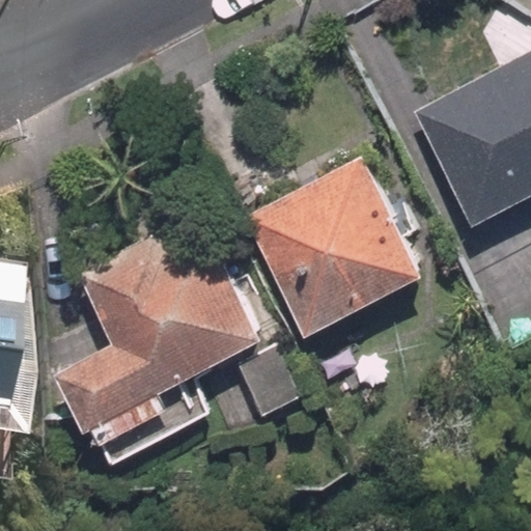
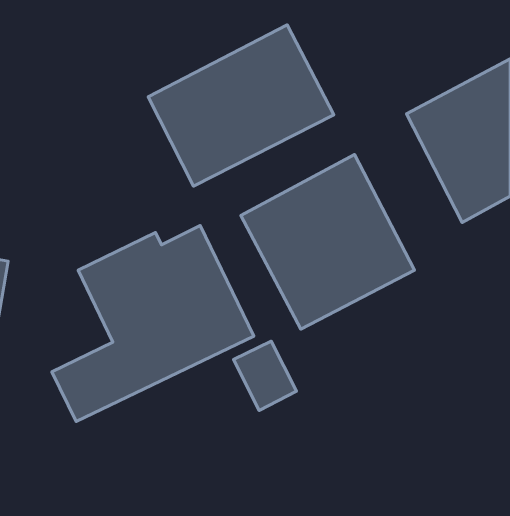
building: none -> [148,25,334,186]

